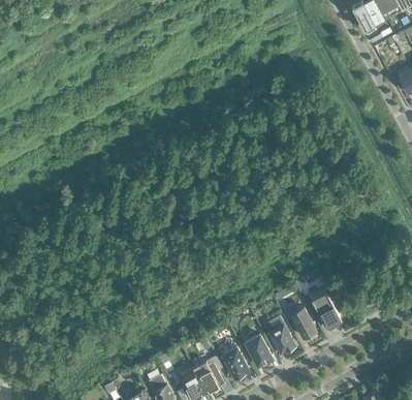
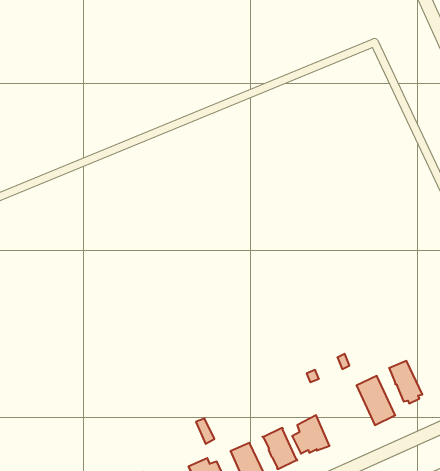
building: [292,308,318,339] -> [389,361,422,403]

